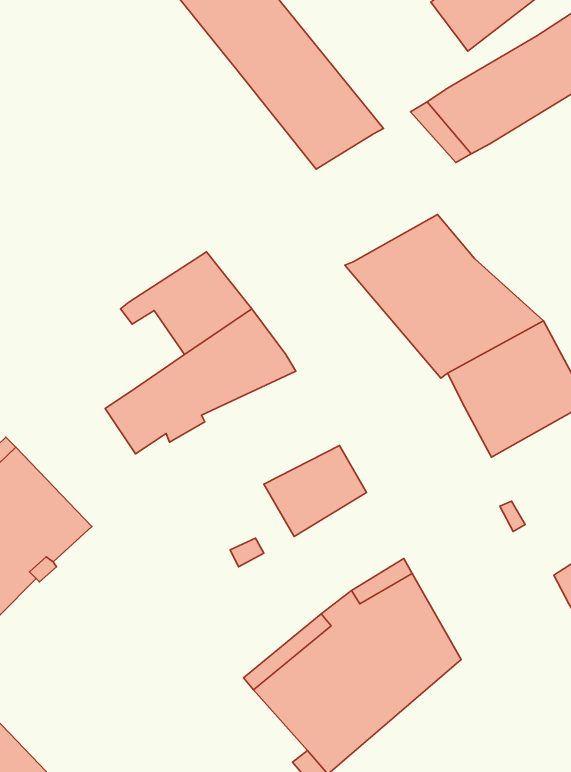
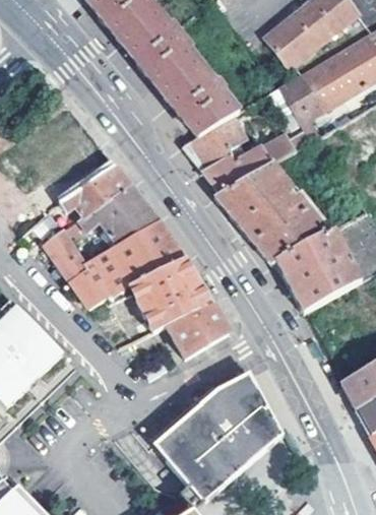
building: none -> [183,115,297,192]
building: none -> [61,164,131,216]
building: none -> [45,230,88,280]
building: none -> [128,258,211,332]

